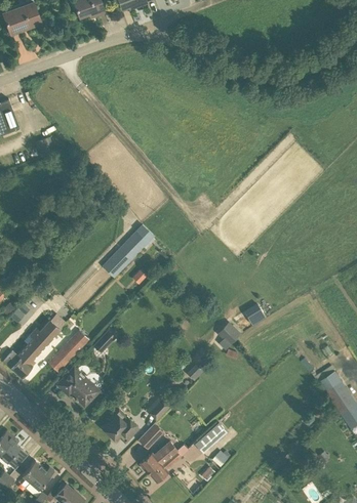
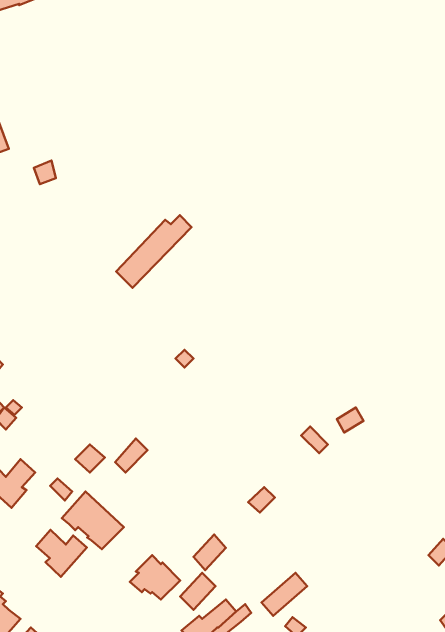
building: [102,227,154,278] -> [116,215,192,288]
building: [28,321,60,353] -> none
building: none -> [36,530,87,577]

